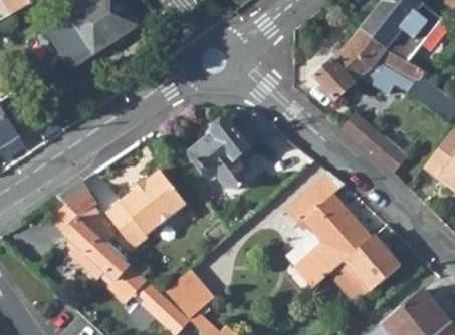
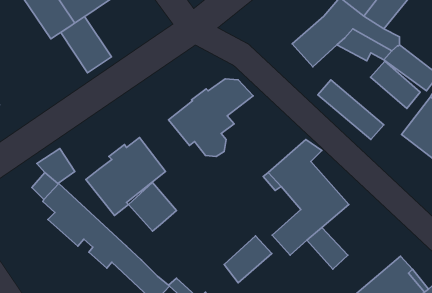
building: none -> [61,16,111,73]
building: none -> [370,61,420,108]
building: [344,235,400,290] -> none
building: none -> [224,236,272,283]
building: [165,269,213,318] -> [129,182,176,231]

